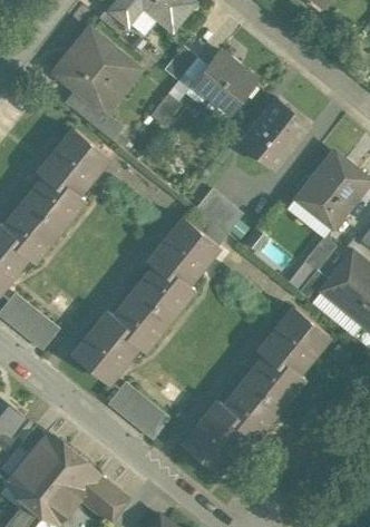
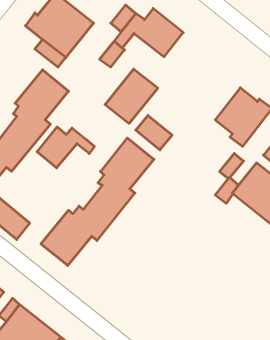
building: [241,98,309,168] -> [105,69,158,123]
building: none -> [37,127,94,168]
building: [184,306,328,472] -> none
building: [108,382,168,438] -> none

